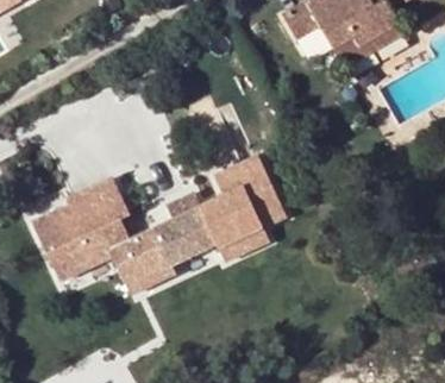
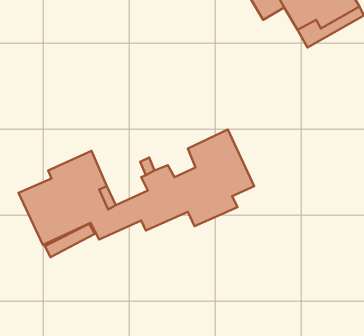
building: [118,252,174,295] -> none

